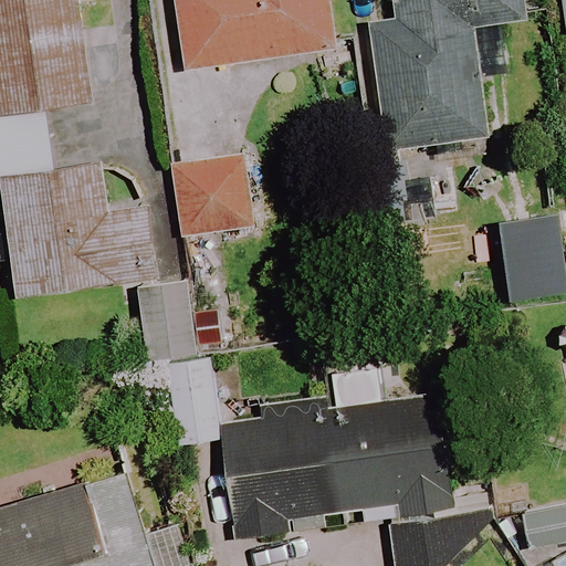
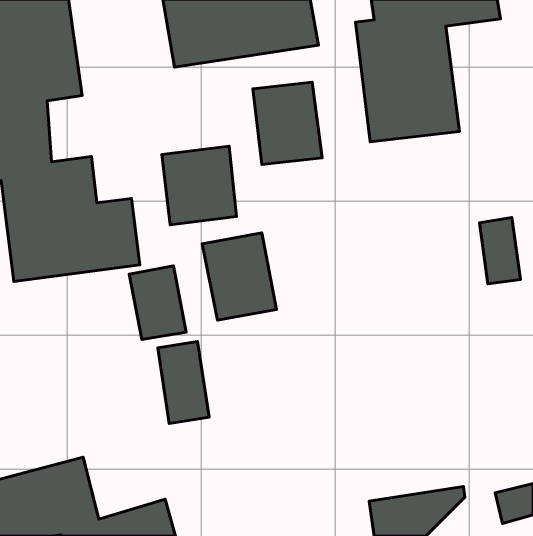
building: none -> [253,82,322,165]
building: none -> [202,233,277,320]
building: [221,397,447,537] -> none

